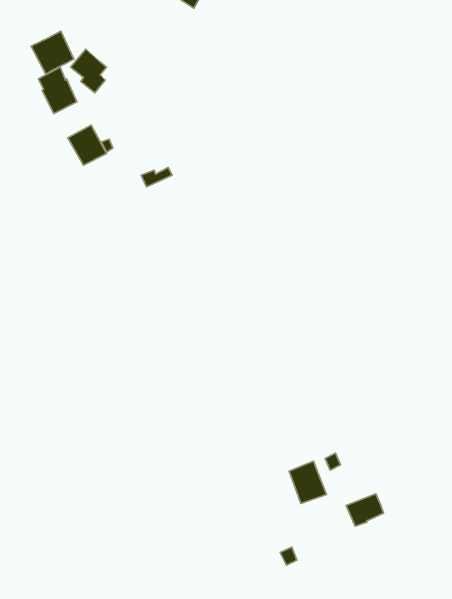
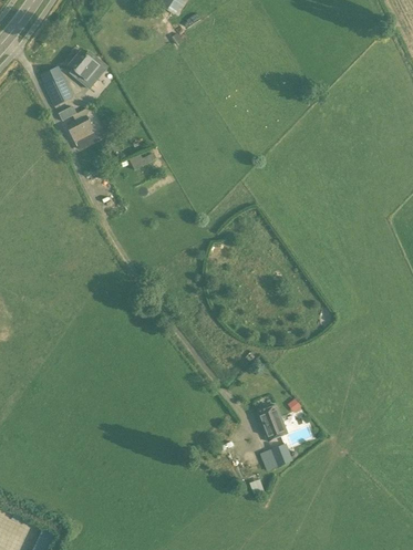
building: [31,31,74,74] -> none
building: [346,494,384,526] -> [259,442,291,469]

